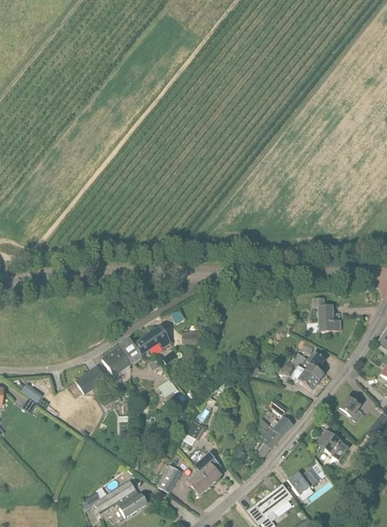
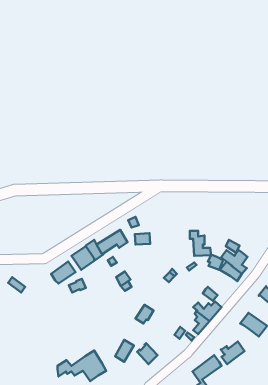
building: [314,298,341,330] -> [190,231,211,256]
building: [193,452,221,484] -> none

